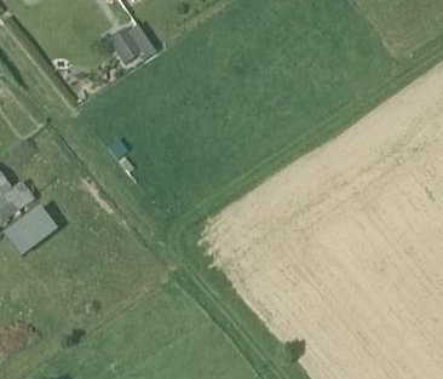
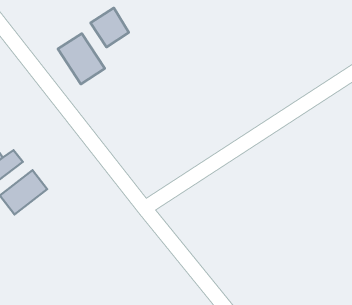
building: none -> [58,33,105,84]

